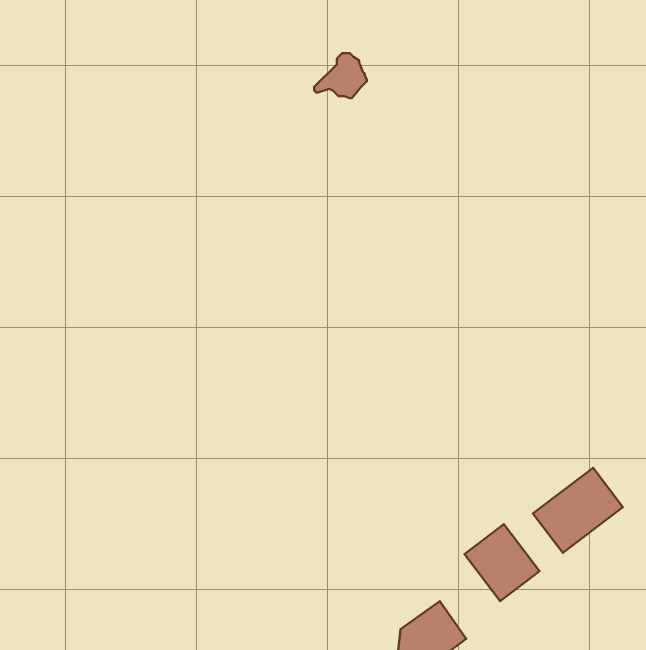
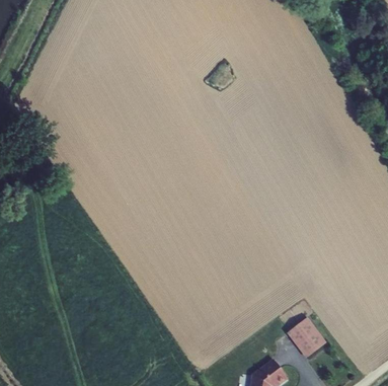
building: [533,468,623,553] -> none

